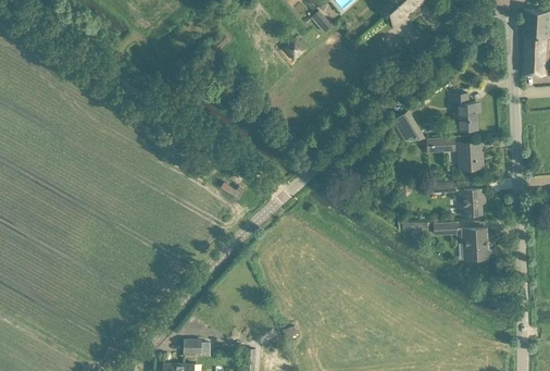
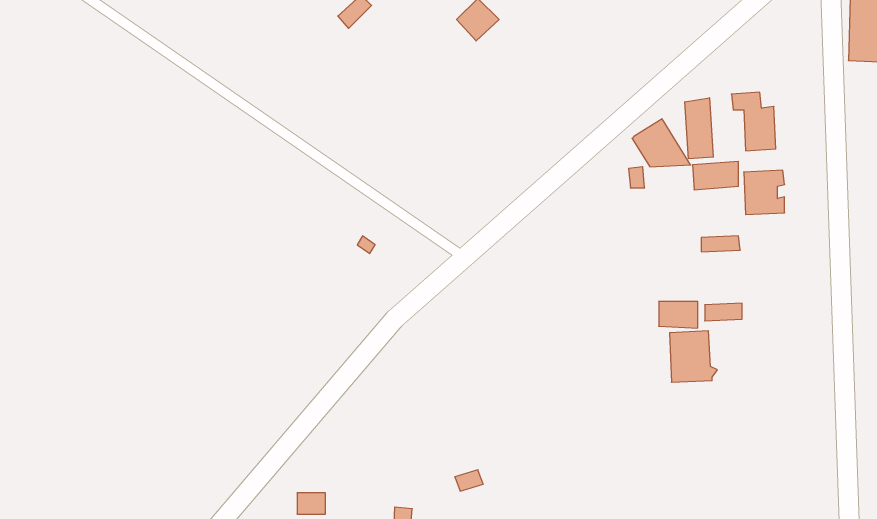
building: none -> [685,98,713,159]
building: [461,190,483,215] -> none
building: [463,228,492,260] -> [670,331,717,382]

